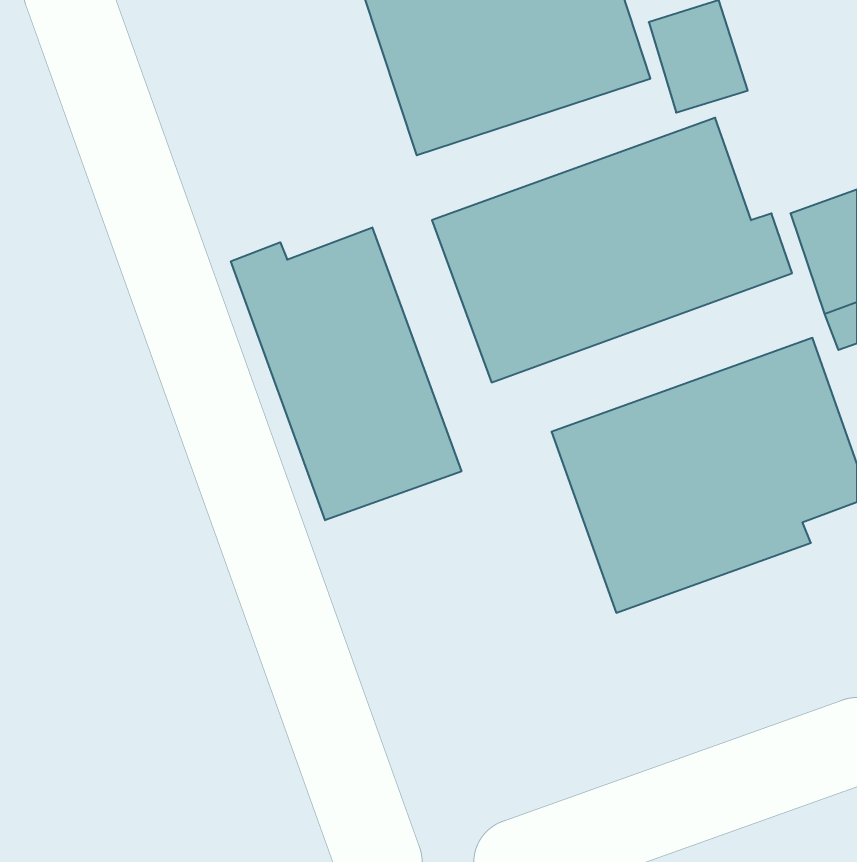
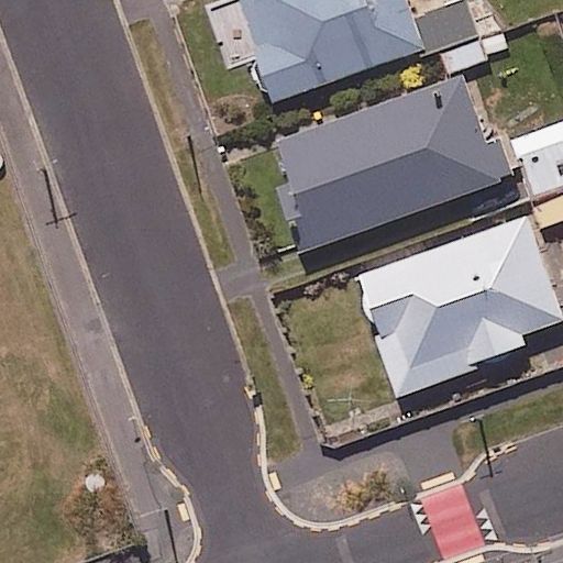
building: [231,227,461,520] -> none

